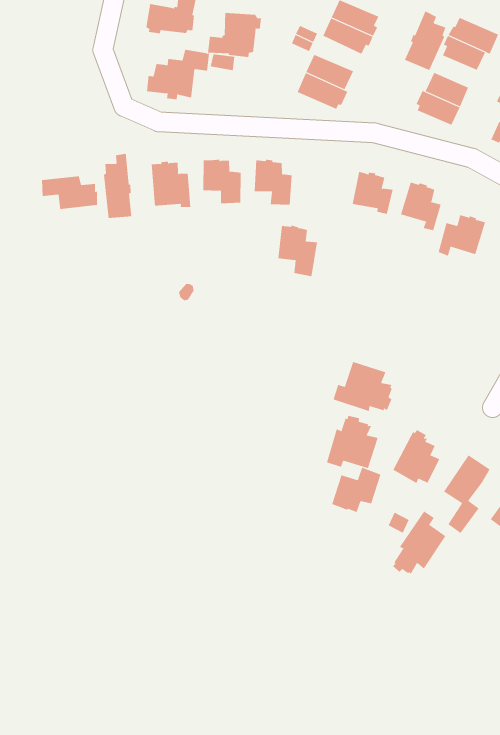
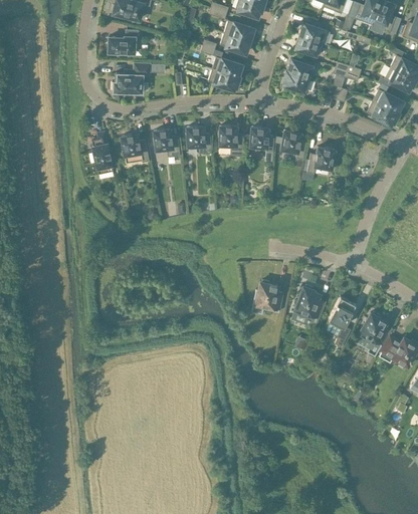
building: [404,11,446,71] -> none
building: [208,12,261,58] -> none
building: [42,175,98,210] -> none
building: [277,225,318,277] -> [219,124,243,156]
building: [333,361,393,412] -> none
building: [332,467,381,513] -> none
building: [392,511,446,575] -> none

